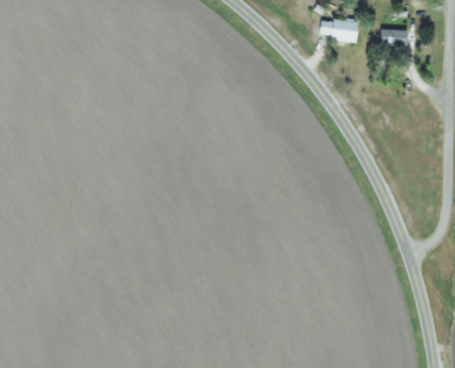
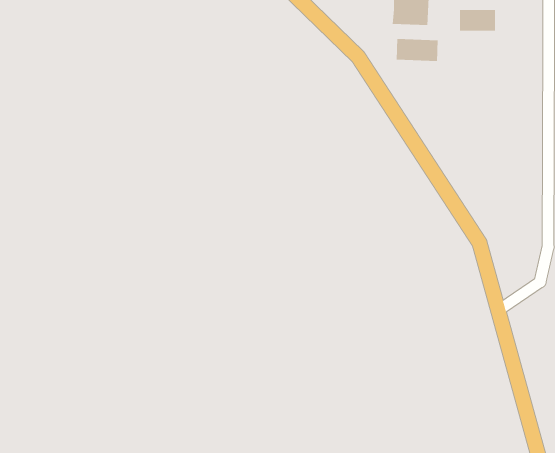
building: none -> [396,38,438,62]

